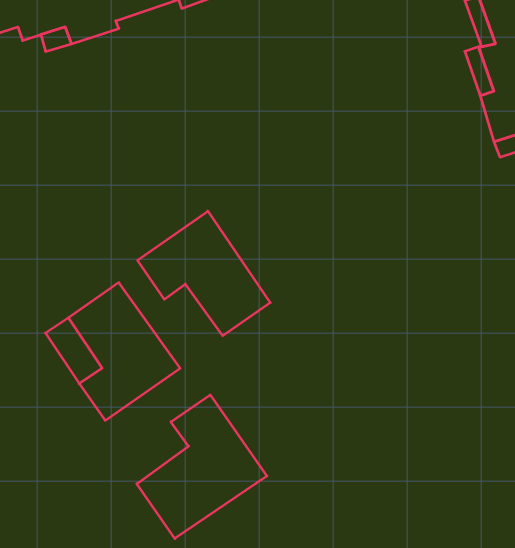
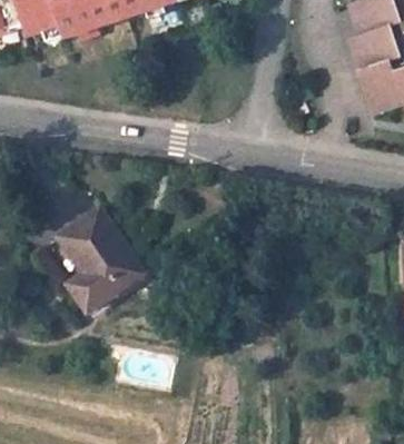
building: [138,211,270,336] -> none
building: [137,395,267,539] -> none

